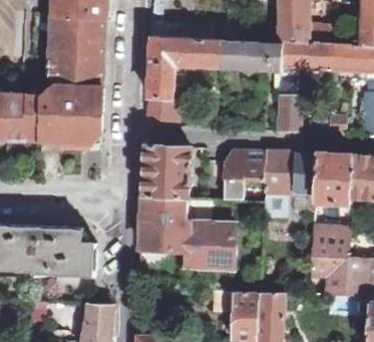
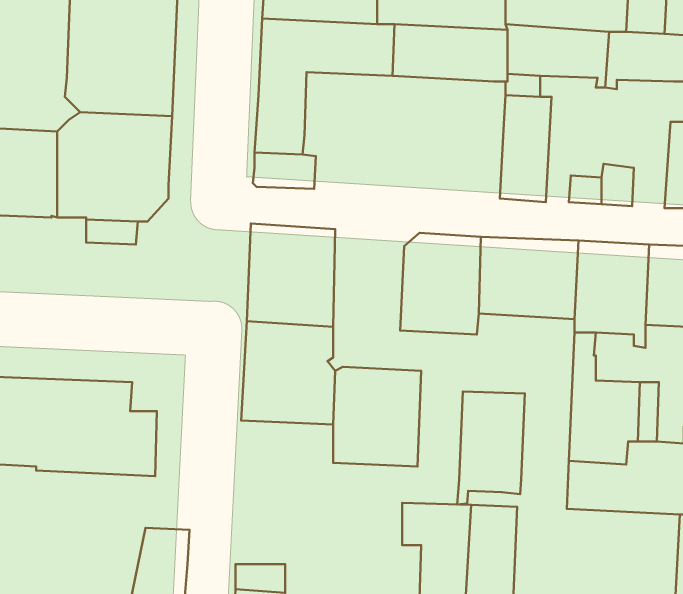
building: none -> [457,391,525,504]

